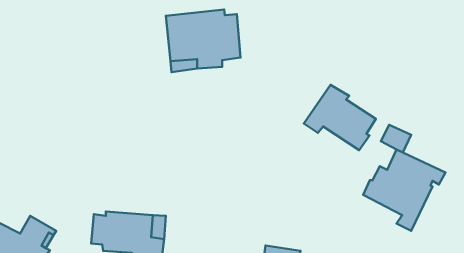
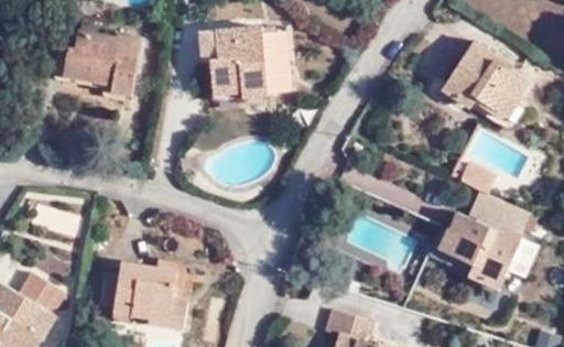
building: none -> [57,32,135,96]
building: [304,85,376,150] -> [437,37,523,116]

